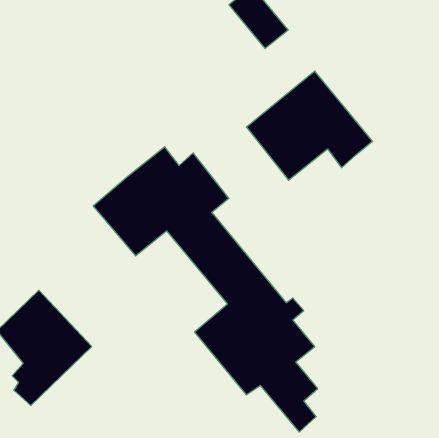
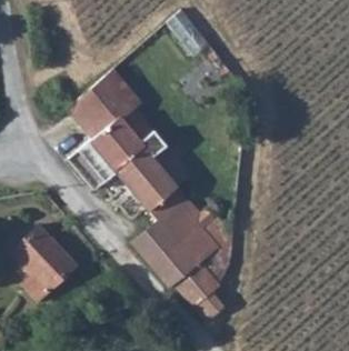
building: [246,71,373,180] -> [69,69,159,147]

